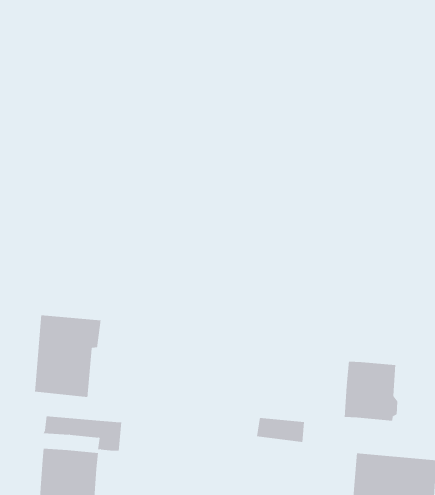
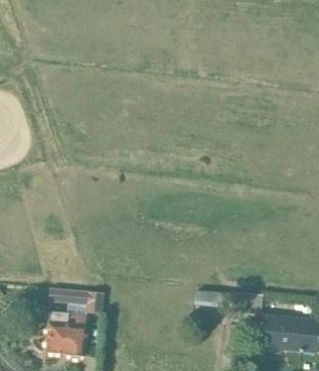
building: [35,314,101,398] -> none
building: [344,361,398,421] -> none

